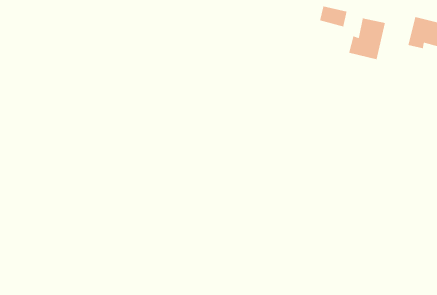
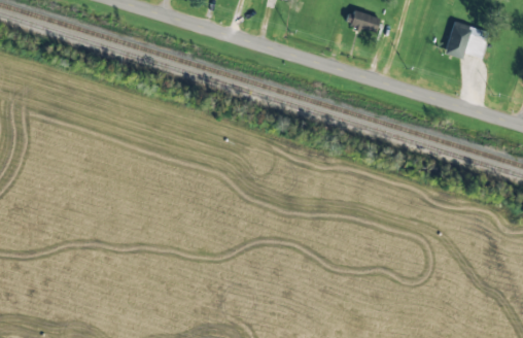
building: [348,18,386,60] -> none

